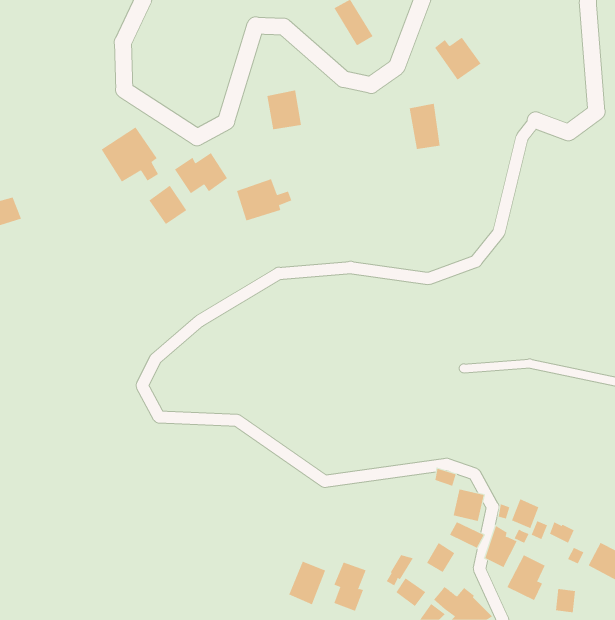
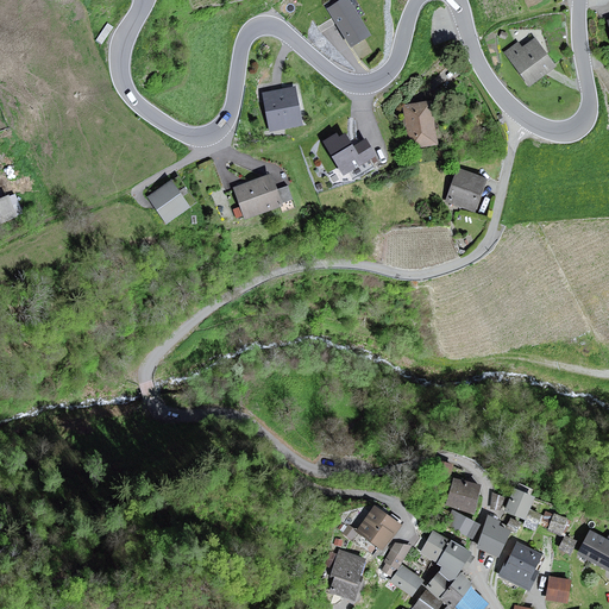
building: [434,37,482,81] -> [507,40,553,83]
building: [101,126,159,183] -> none
building: none -> [325,136,372,174]
building: [174,152,228,194] -> none
building: none -> [447,169,485,209]
building: none -> [357,507,397,547]
building: none -> [437,541,470,576]
building: [288,561,326,605] -> none

